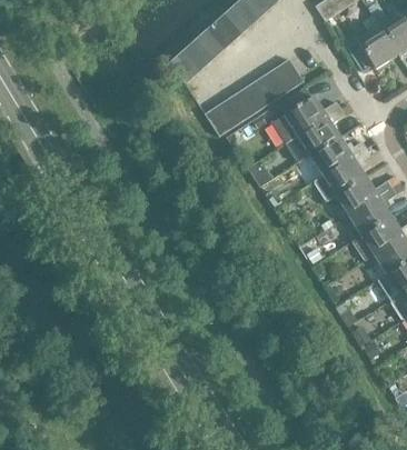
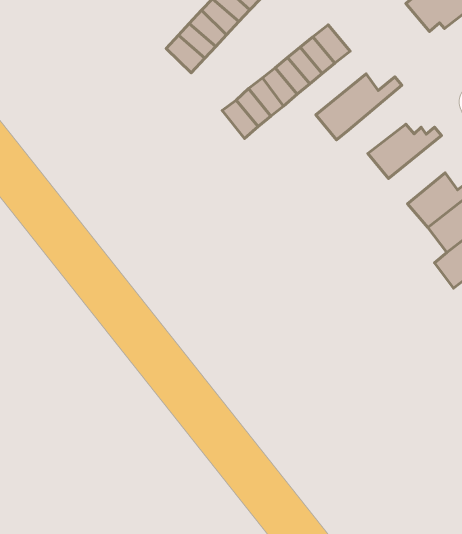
building: [287,108,344,162] -> none
building: [322,148,369,196] -> none

